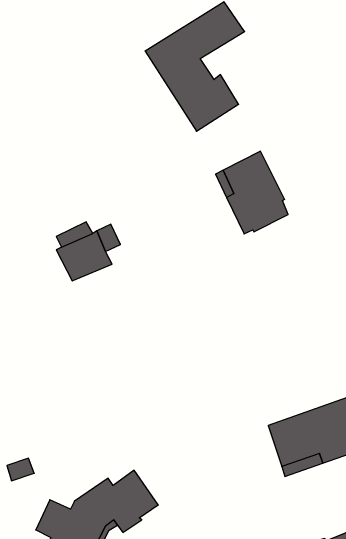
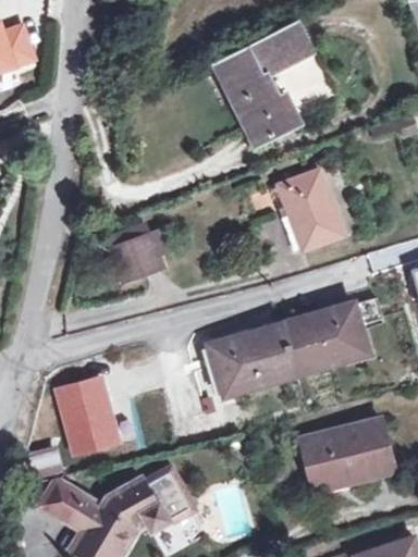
building: none -> [214,305,367,393]
building: none -> [54,376,120,455]
building: none -> [40,478,83,521]

